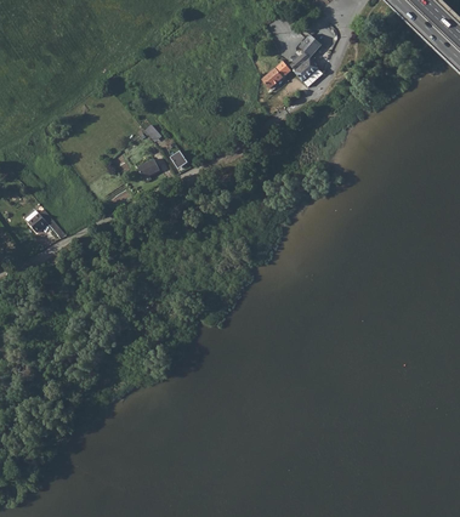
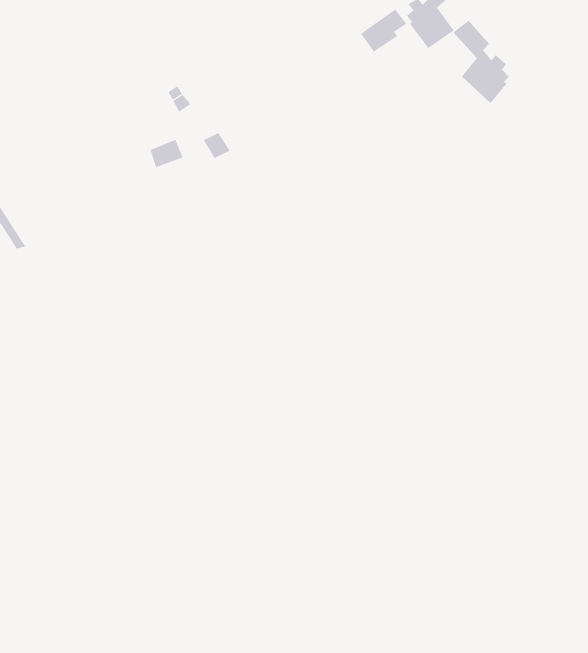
building: none -> [452,20,509,104]

